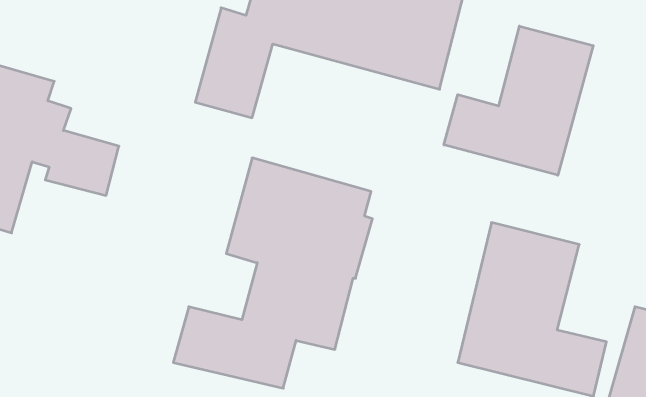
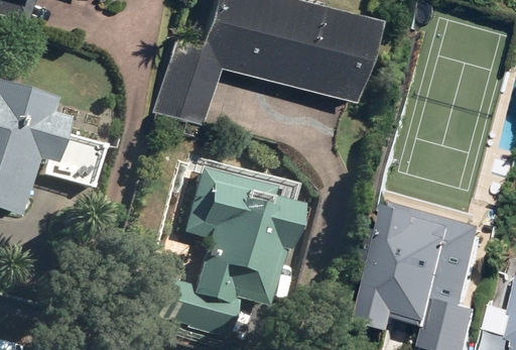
building: [444,26,593,175] -> none

